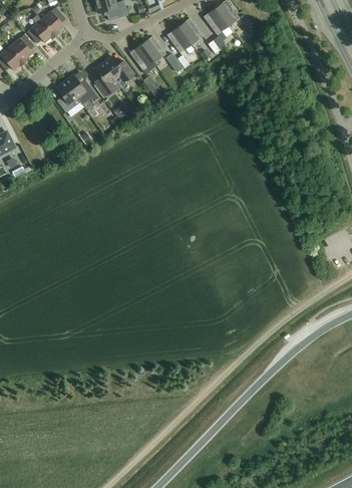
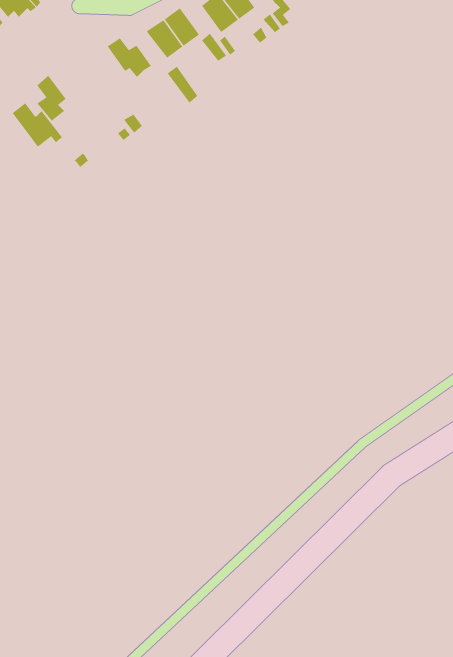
building: [94,62,115,95] -> none
building: [64,74,98,104] -> [12,103,63,148]

